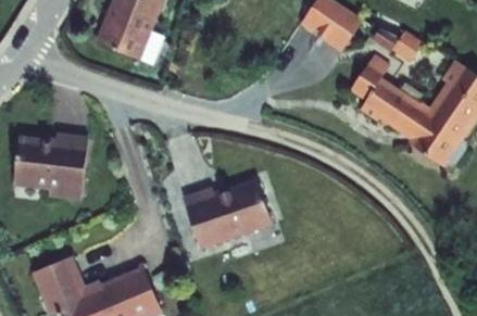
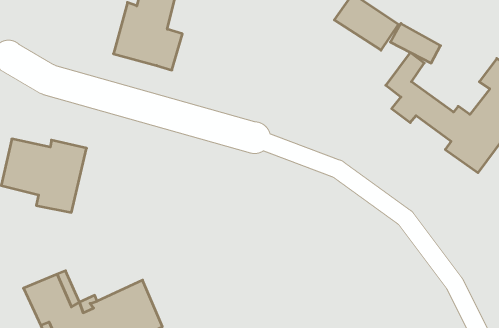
building: [171,175,265,248] -> none

